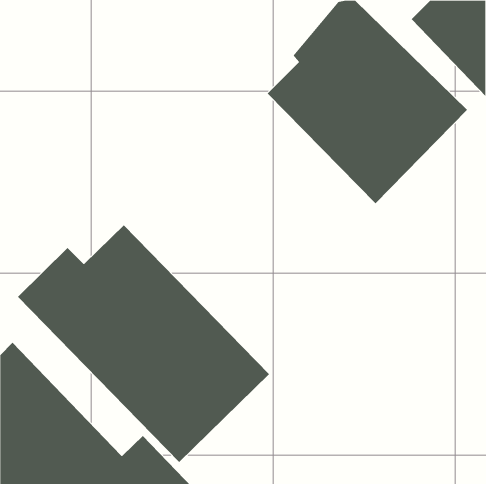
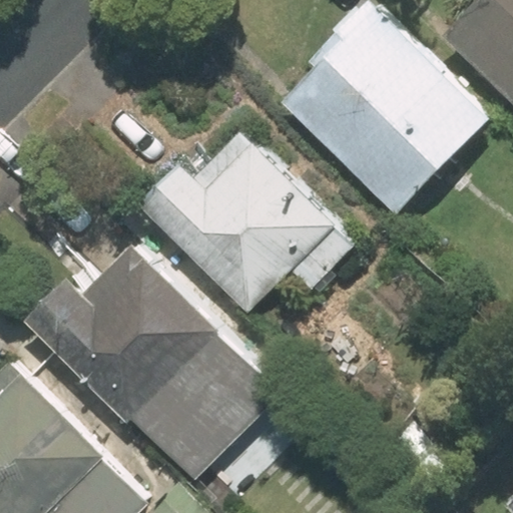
building: none -> [138,128,356,312]

